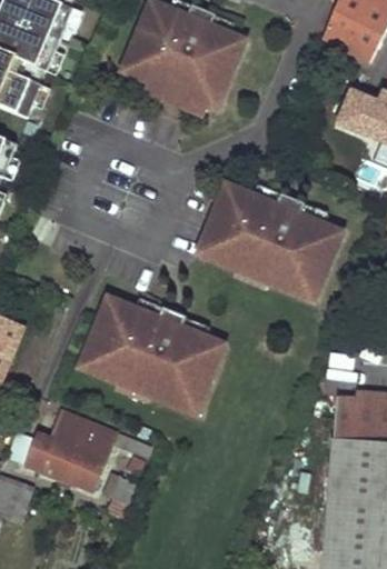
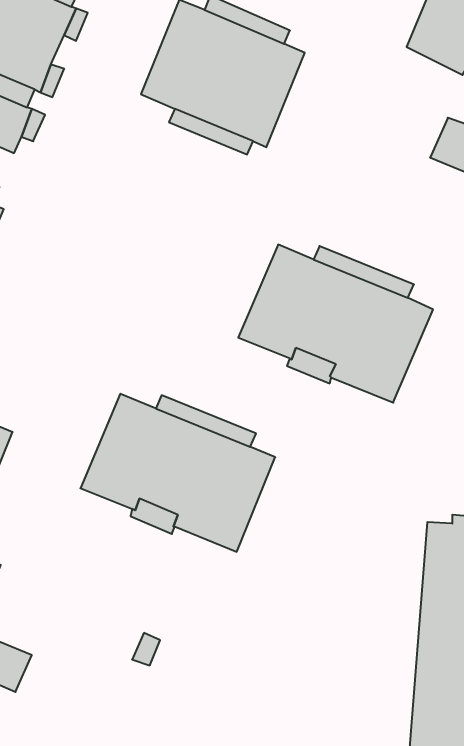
building: [27,411,152,489] -> none

